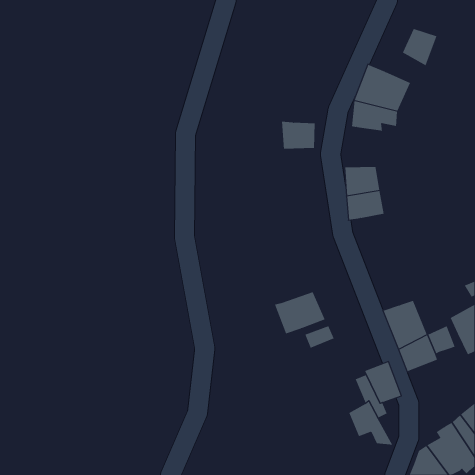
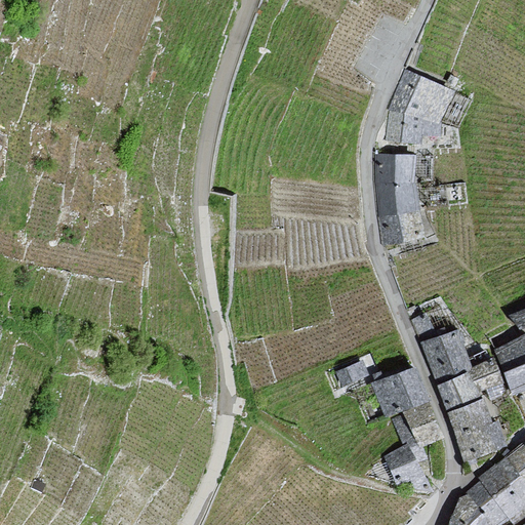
building: [402,28,437,66] -> none
building: [281,121,316,149] -> [377,154,415,185]
building: [274,292,325,334] -> [371,368,428,415]
building: none -> [448,397,506,457]

